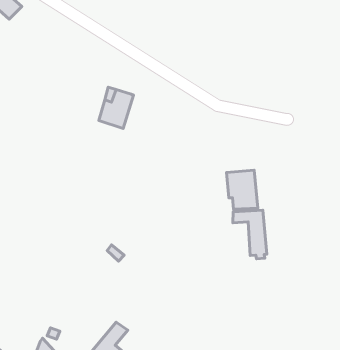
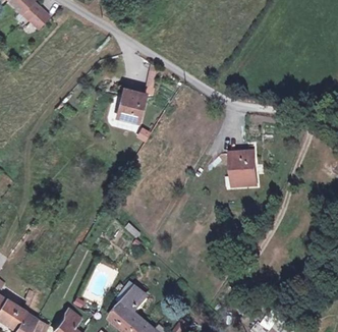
building: [233,210,267,259] -> none

